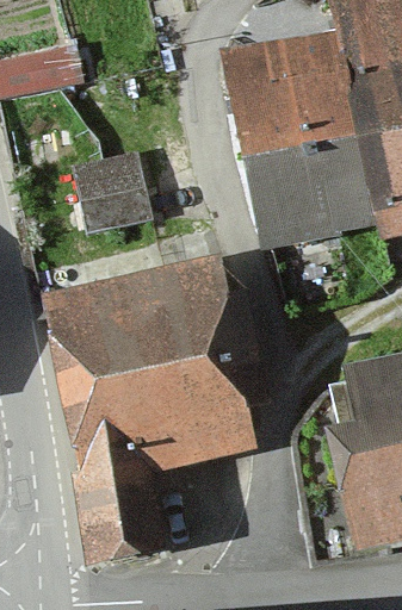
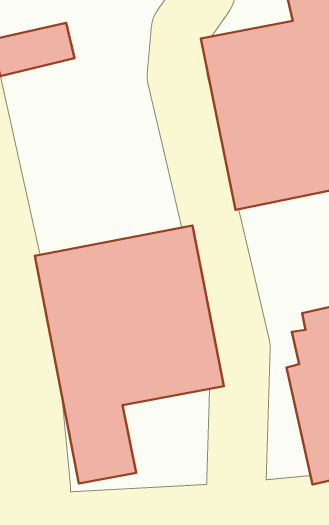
building: [66,163,147,249] -> none

